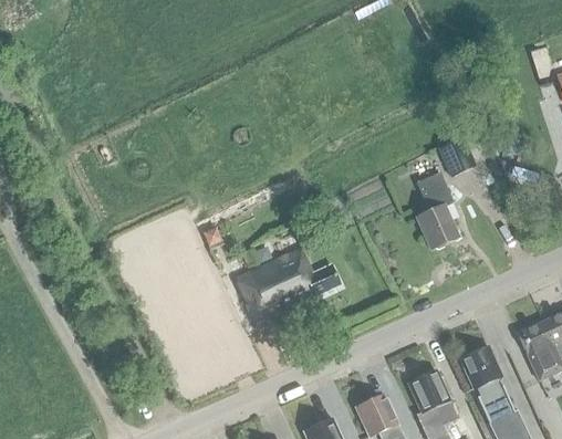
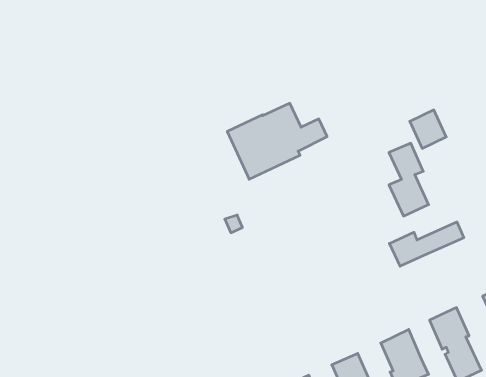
building: [237,247,343,327] -> [227,103,327,179]
building: none -> [389,222,464,266]

